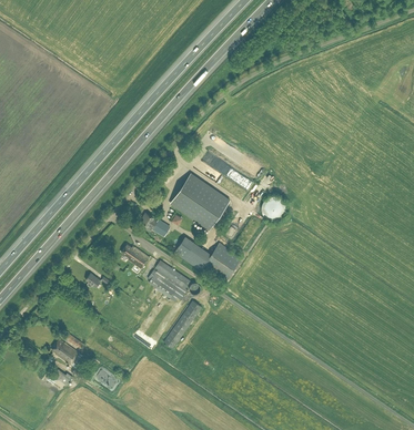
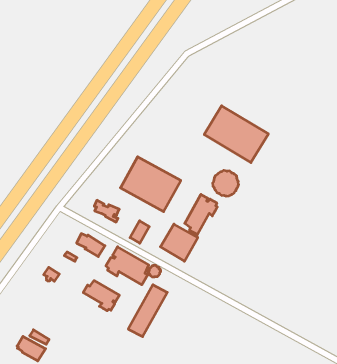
building: none -> [204,106,268,163]
building: none -> [185,194,217,235]
building: none -> [83,281,119,311]

